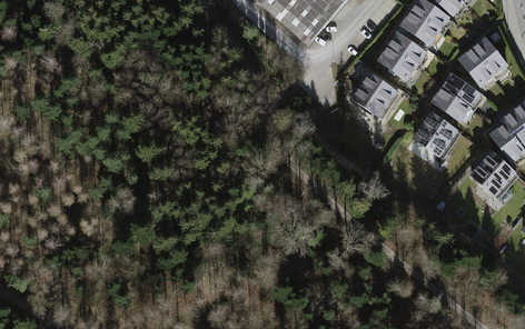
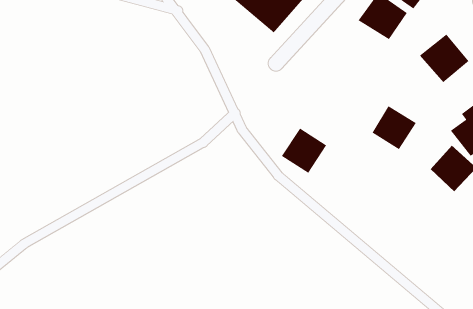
building: [376,32,425,81] -> none
building: [349,71,396,118] -> [281,128,327,174]
building: [433,74,482,123] -> none

